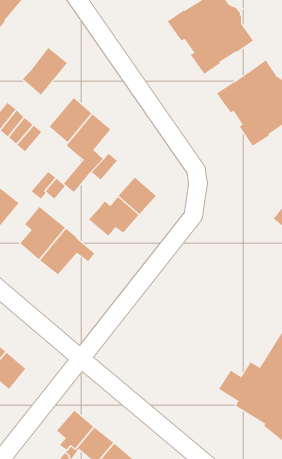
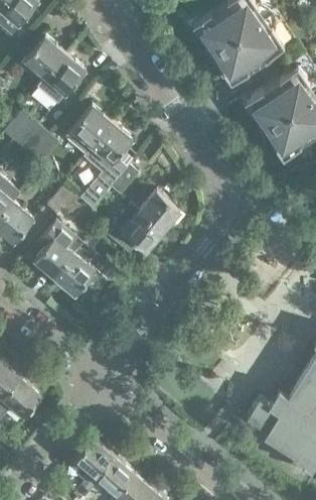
building: none -> [24,38,64,80]

